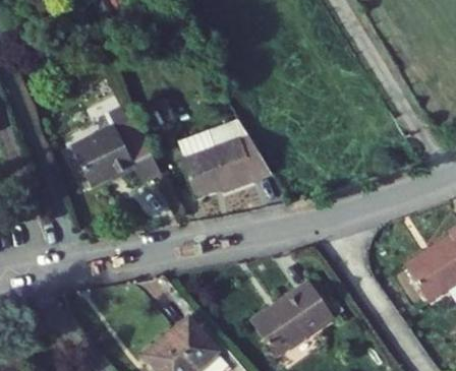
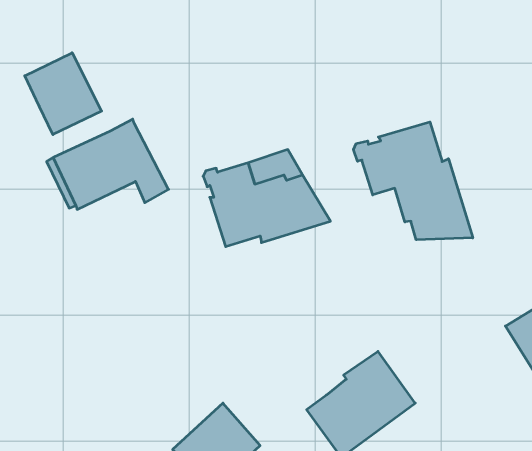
building: none -> [25,53,102,135]
building: none -> [353,122,473,240]

